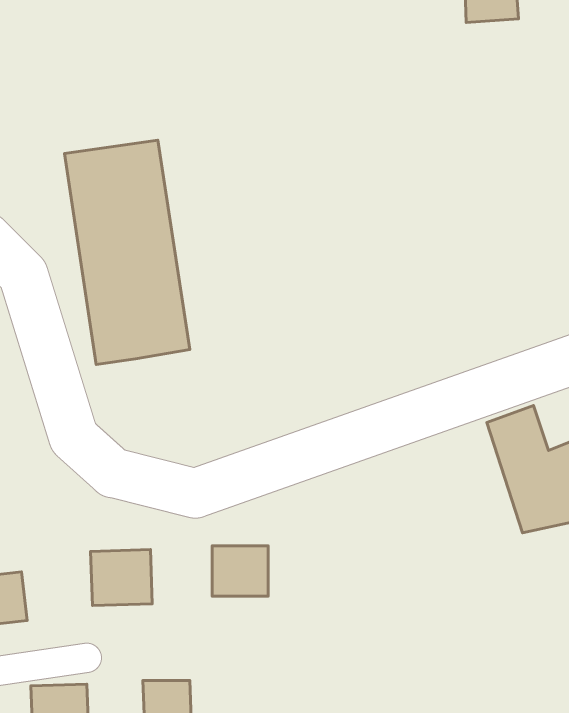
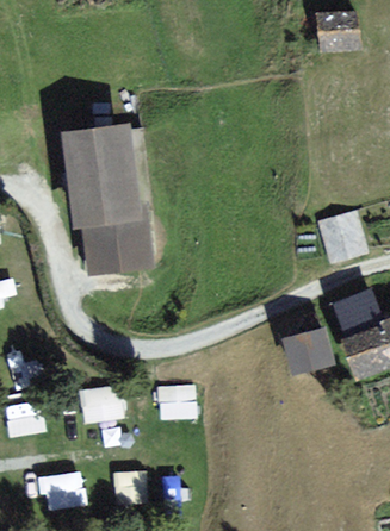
building: none -> [315,219,363,269]
building: none -> [285,331,329,373]

